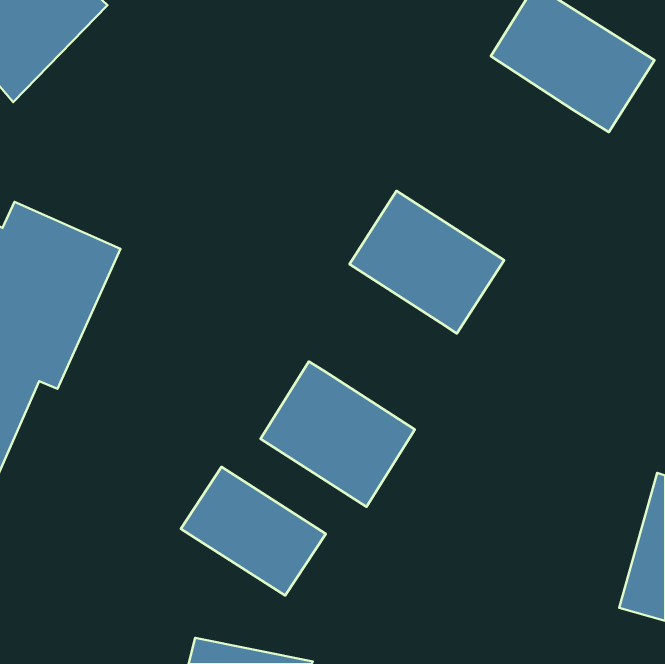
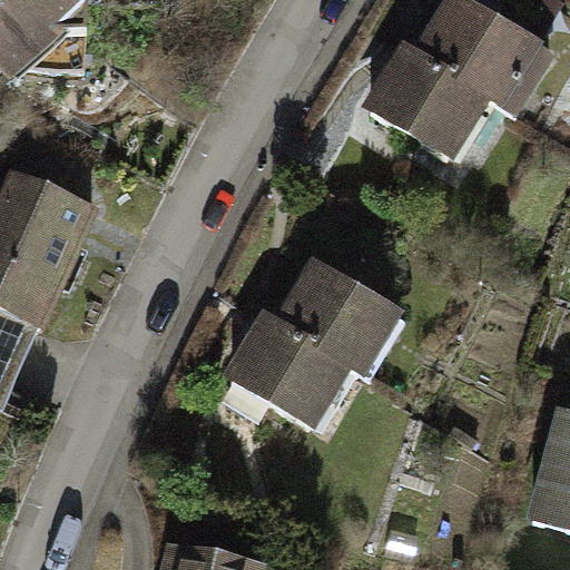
building: none -> [361,38,488,157]
building: [350,191,504,334] -> [275,253,406,374]
building: [181,467,326,596] -> none

